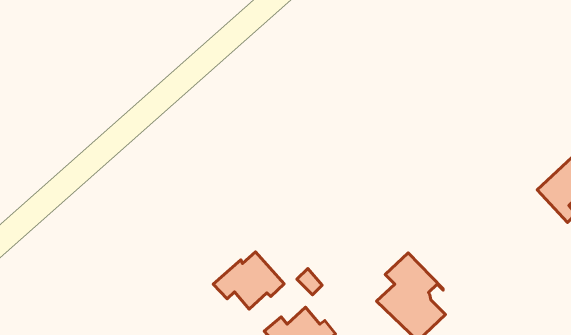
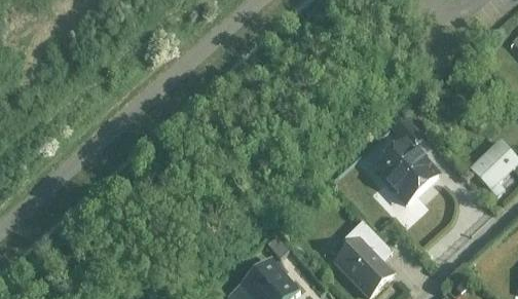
building: none -> [373,117,437,201]
building: [213,252,284,309] -> none

